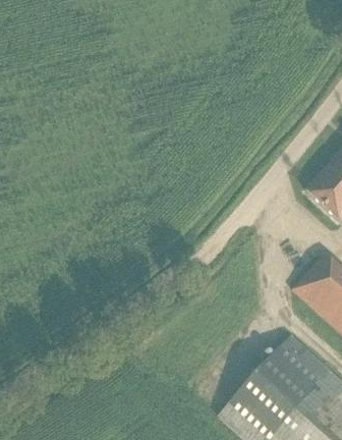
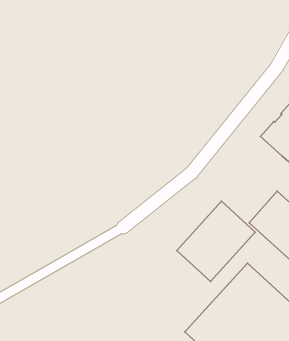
building: none -> [177,201,255,282]

